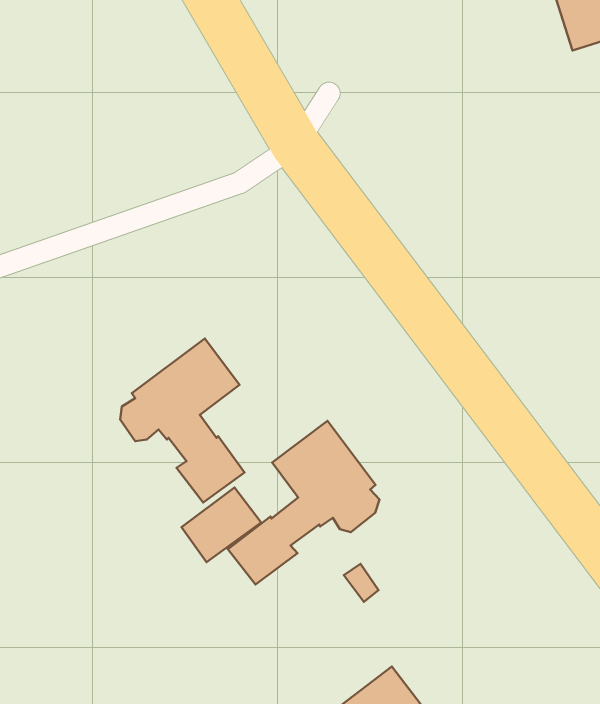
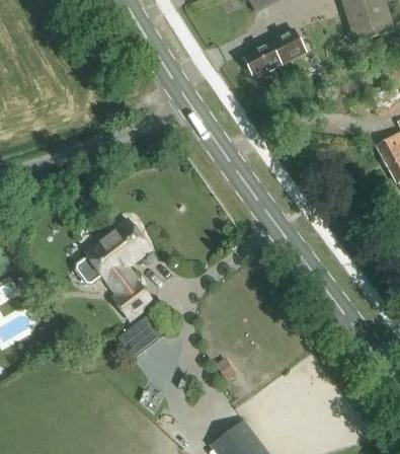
building: none -> [244,29,306,75]
building: [228,421,380,584] -> none

